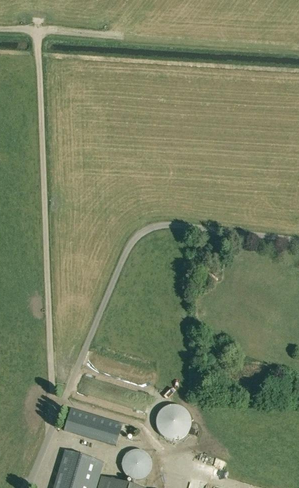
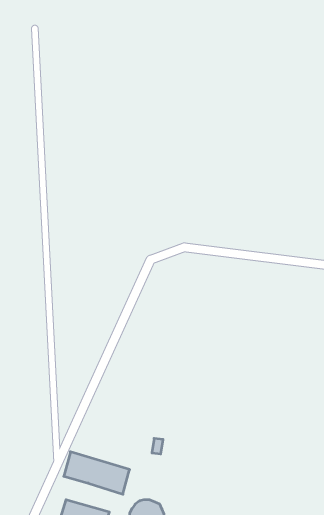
building: [156,405,190,439] -> none

